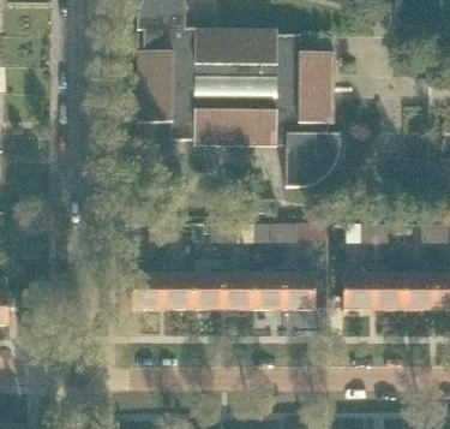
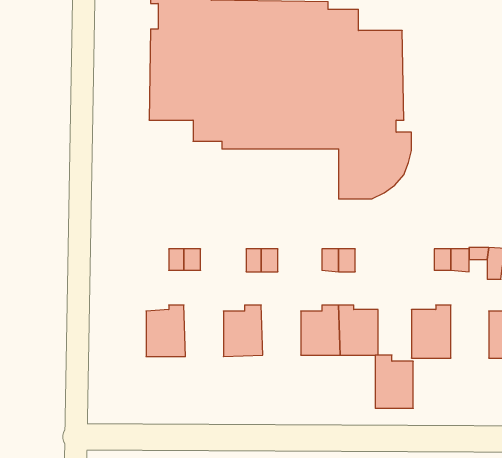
building: [163,268,194,309] -> none
building: [224,268,256,308] -> none
building: [374,268,404,310] -> [375,355,413,408]

